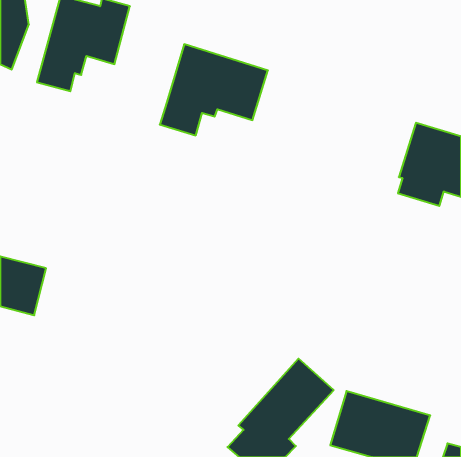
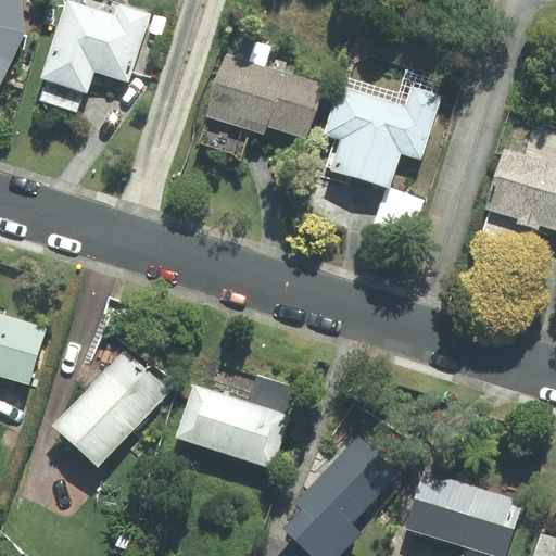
building: none -> [323,60,447,240]
building: none -> [45,348,168,475]
building: none -> [173,372,298,473]

